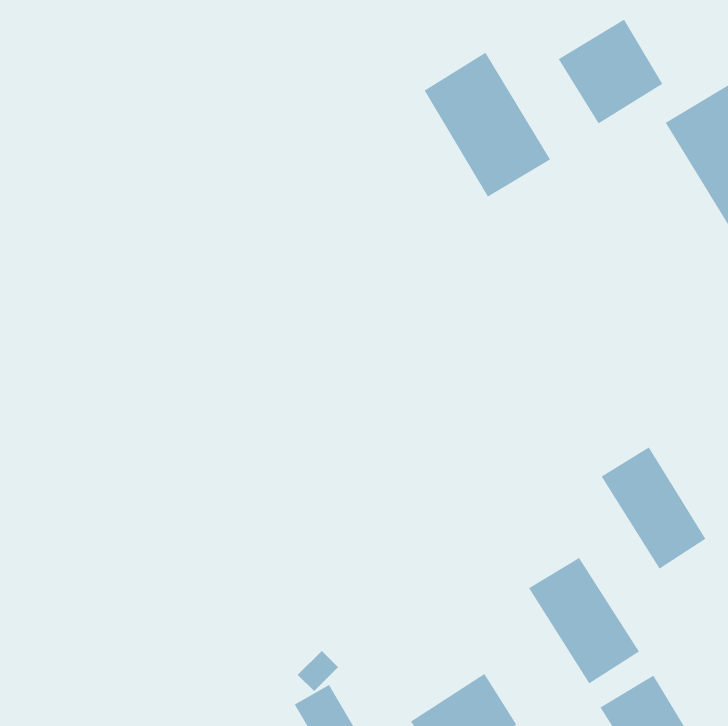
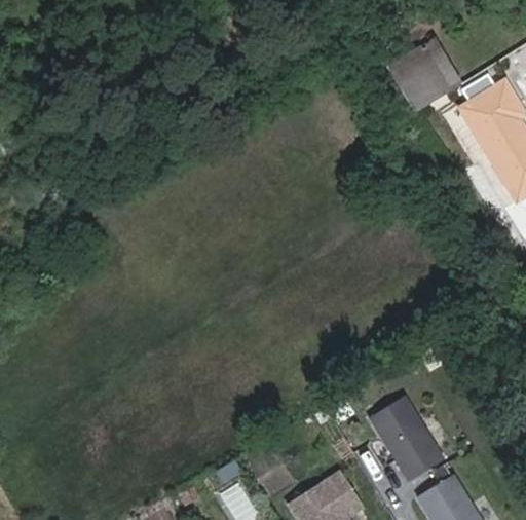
building: [424,52,551,198] -> none
building: [601,447,706,570] -> none

